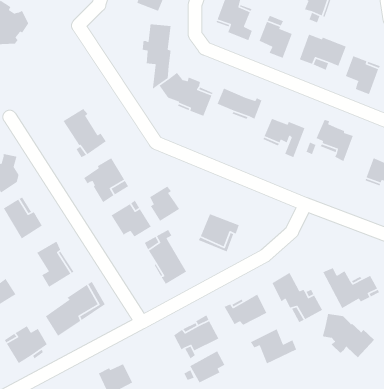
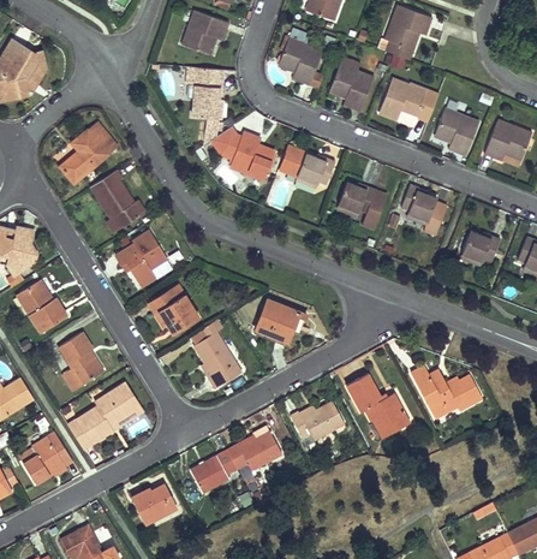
building: none -> [60,119,119,182]
building: [149,186,180,222] -> none
building: [322,313,375,358] -> none
building: [250,328,297,365] -> none
building: [189,350,225,384] -> [191,450,235,490]

